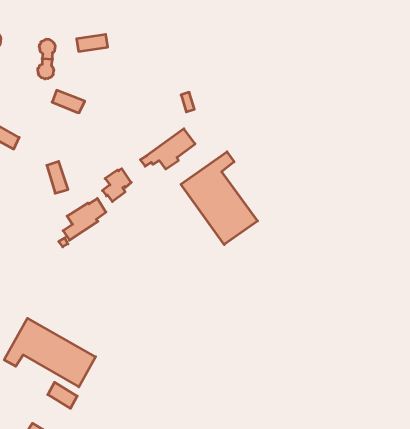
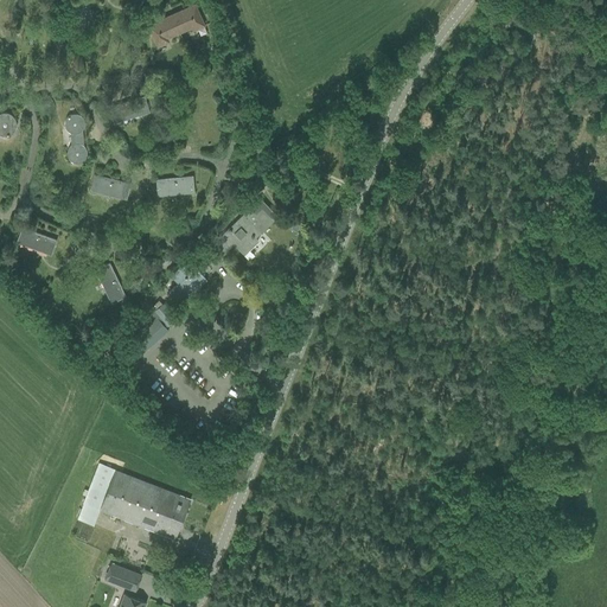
building: none -> [156,177,194,196]
building: [181,152,258,245] -> none
building: [48,382,77,408] -> [106,562,142,592]

